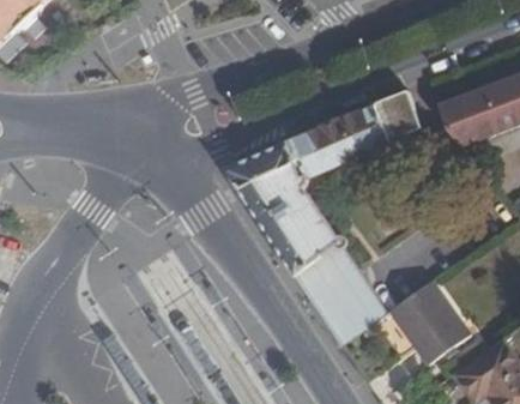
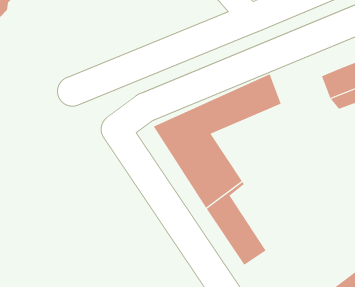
building: [374,88,424,139] -> none
building: [391,279,471,361] -> none

